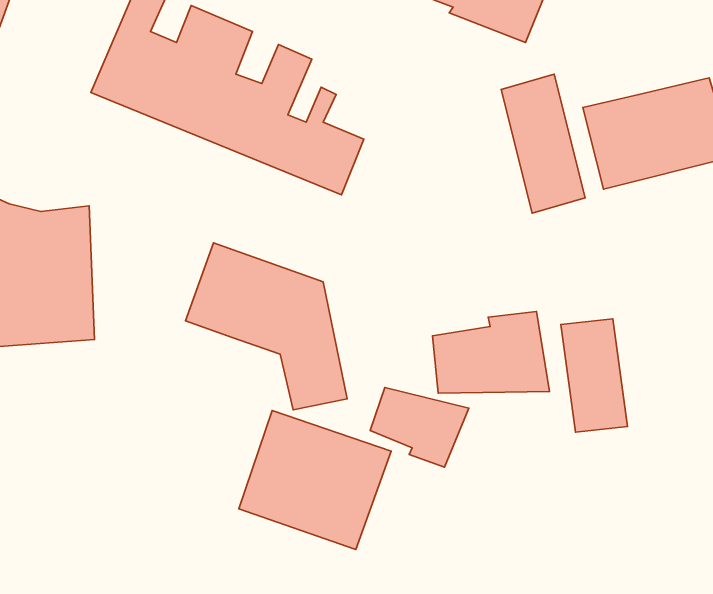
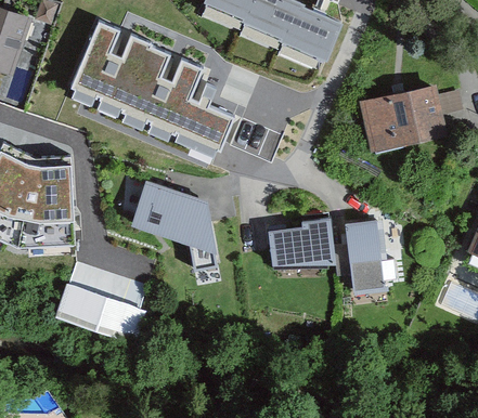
building: [501,74,585,213] -> none
building: [370,387,469,467] -> none
building: [239,410,391,550] -> [64,266,153,348]

